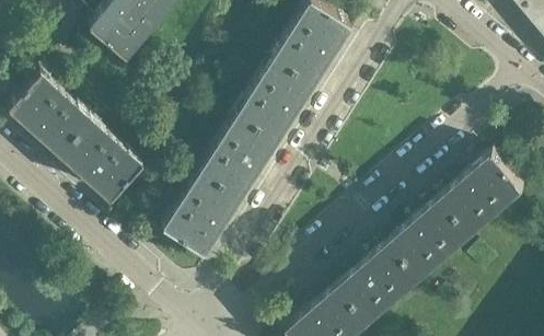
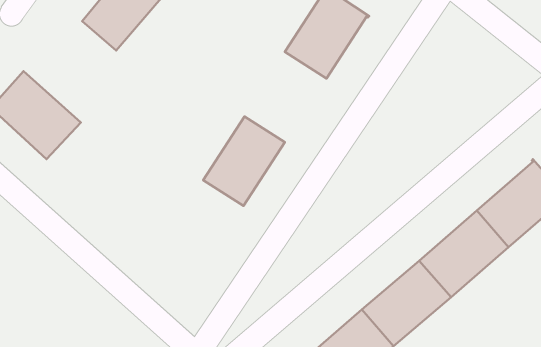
building: [235,60,309,141] -> none
building: [58,124,139,202] -> none
building: [160,175,234,256] -> none

